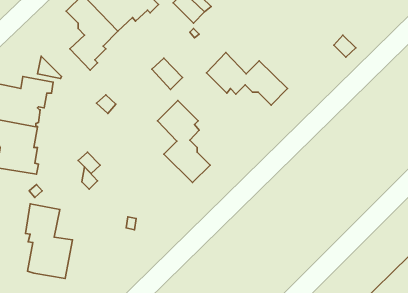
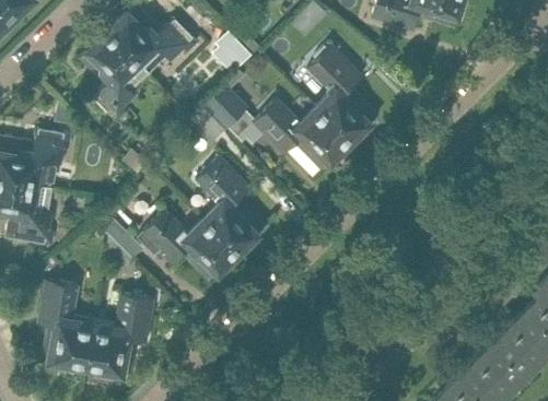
building: none -> [307,47,369,143]
building: none -> [203,85,247,129]
building: none -> [140,212,236,273]
building: none -> [85,294,153,376]

